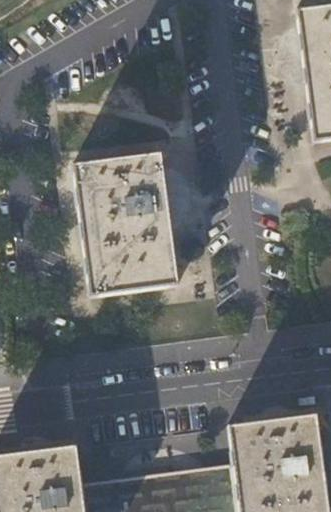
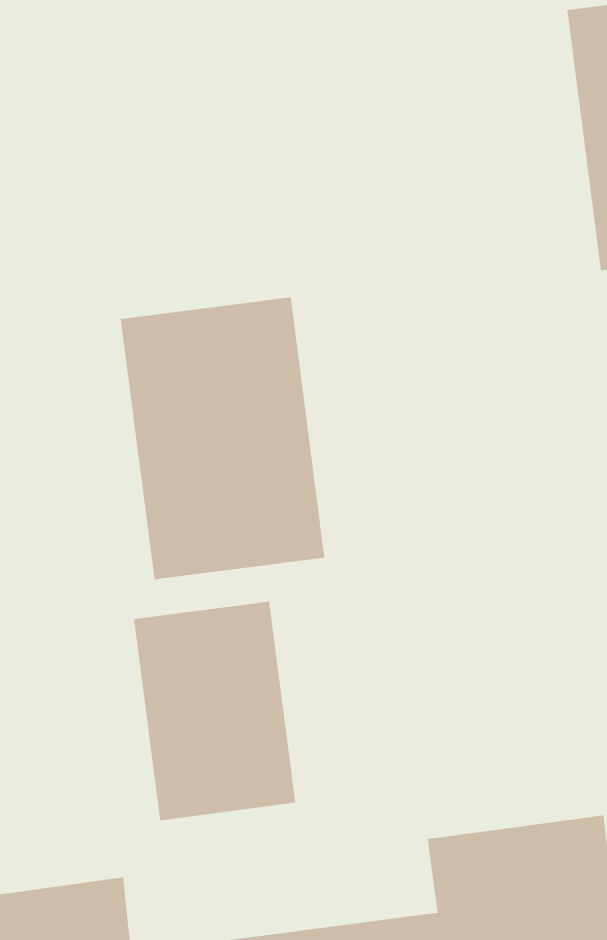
building: none -> [134,601,296,821]

